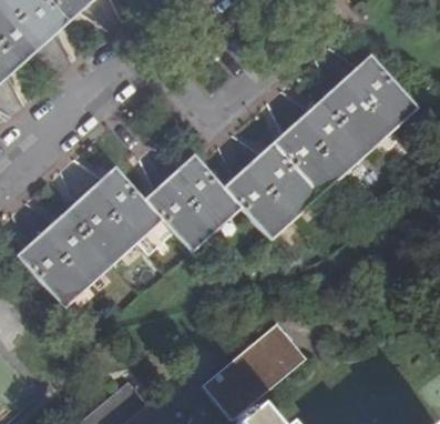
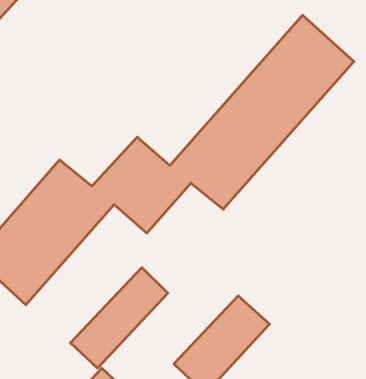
building: none -> [70,268,168,368]

